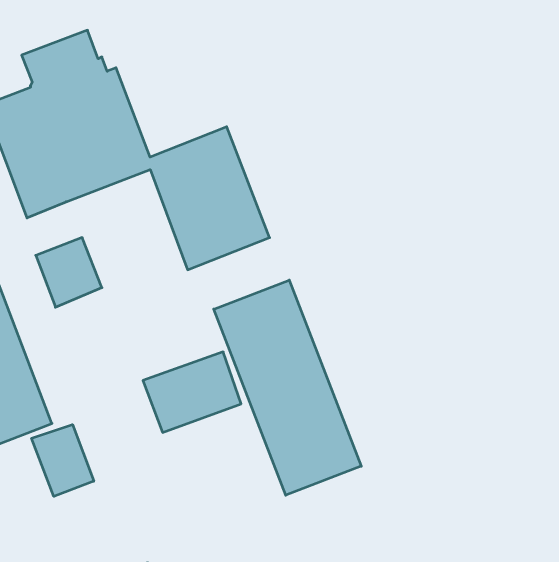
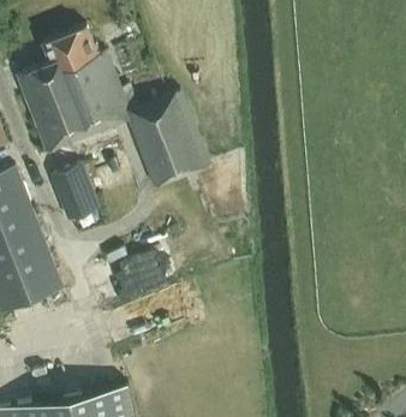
building: [214,280,361,495] -> none
building: [32,425,94,496] -> none

